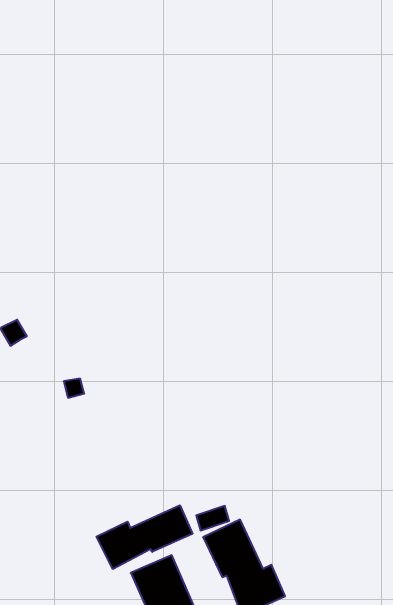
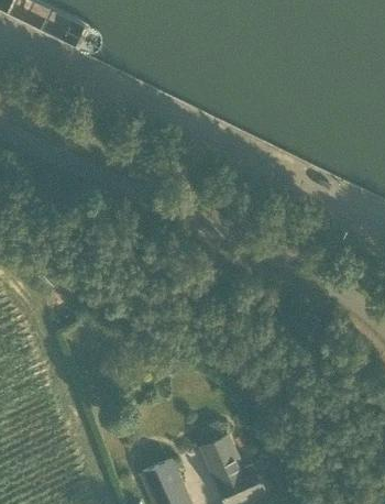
building: [96,505,193,569] -> none

